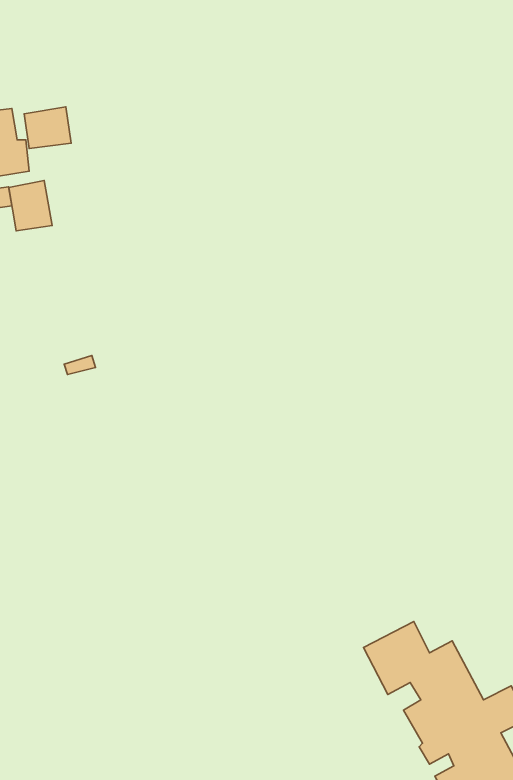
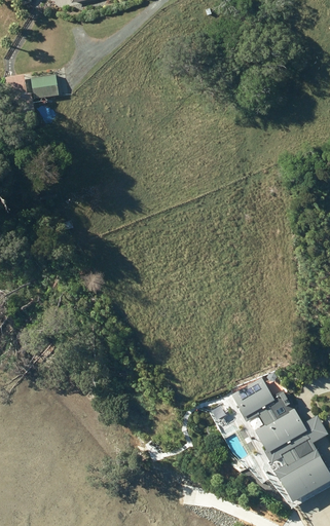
building: [9,180,52,231] -> none

